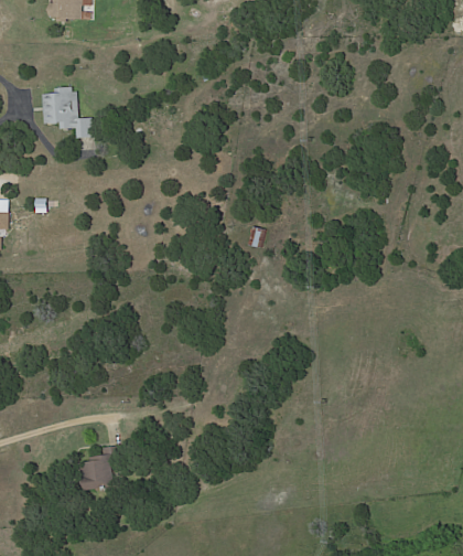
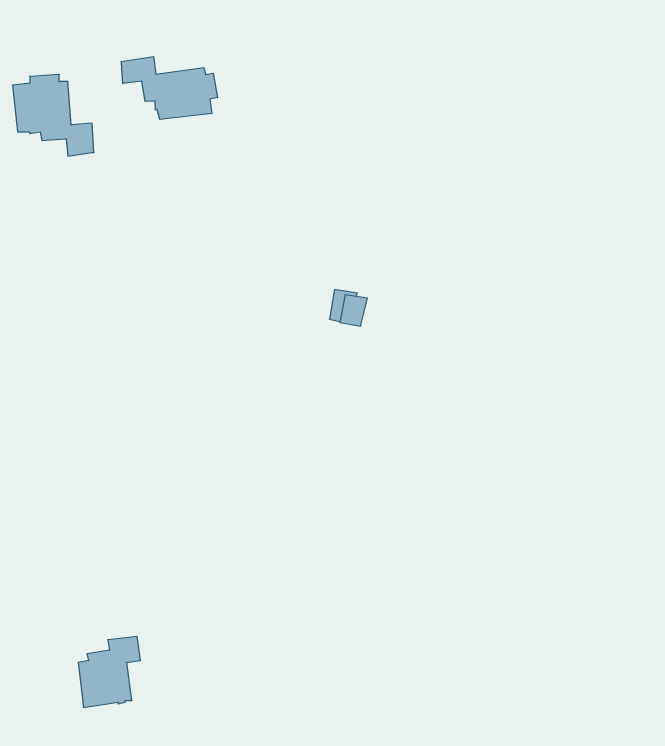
building: none -> [121,57,217,119]

